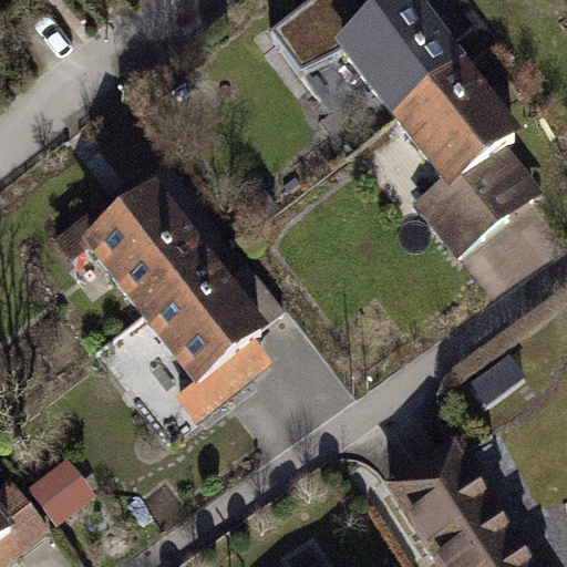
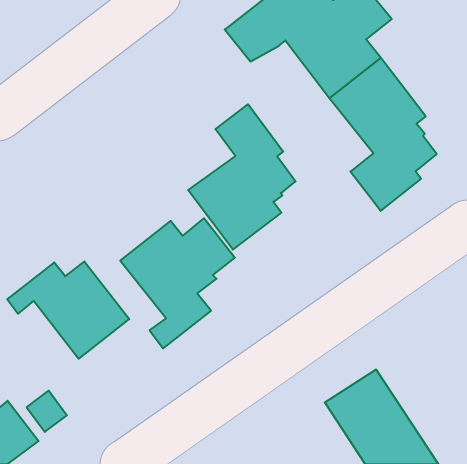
building: none -> [188,104,296,250]
building: [59,197,206,315] -> [7,261,129,359]

